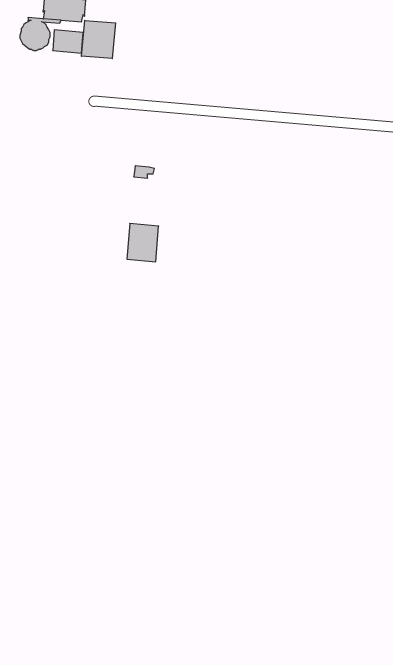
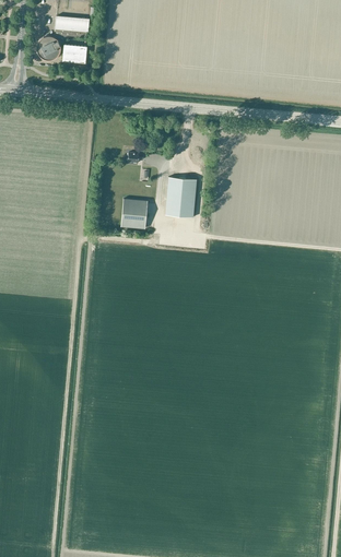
building: [81,20,116,59] -> none
building: none -> [165,176,197,216]

